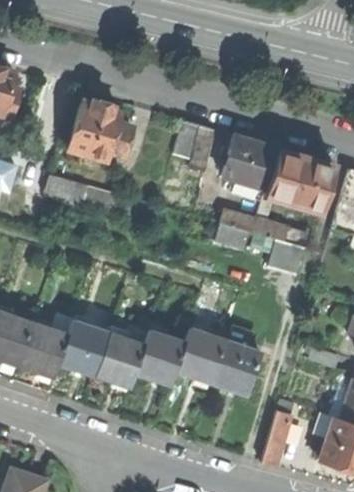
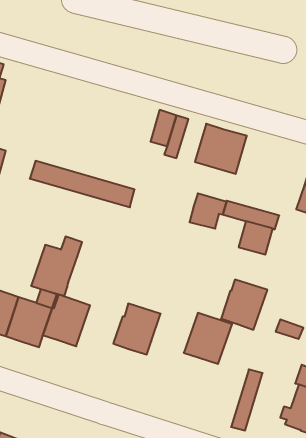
building: [67,98,131,160] -> none
building: [263,148,334,212] -> none
building: [93,322,148,386] -> [31,237,82,296]
building: [174,328,224,382] -> [221,280,267,330]

